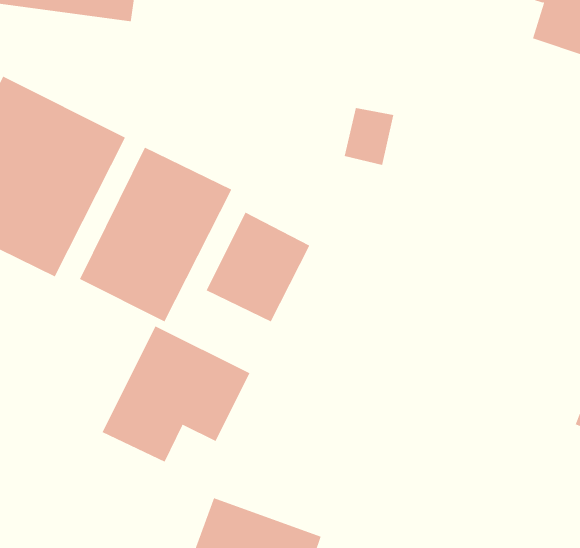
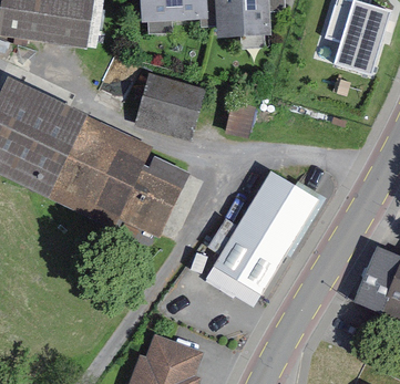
building: none -> [134,76,205,138]
building: none -> [213,168,319,293]
building: [102,325,250,462] -> none

